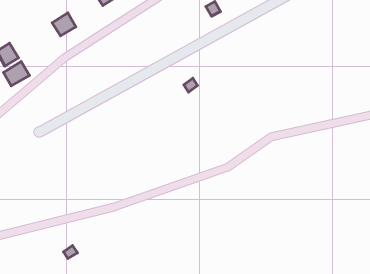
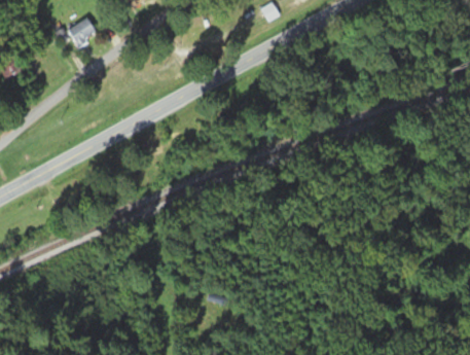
building: [4,62,29,86] -> none

